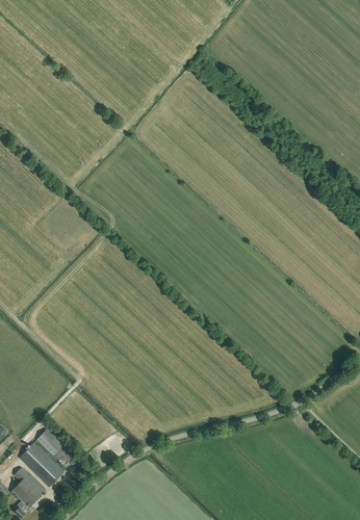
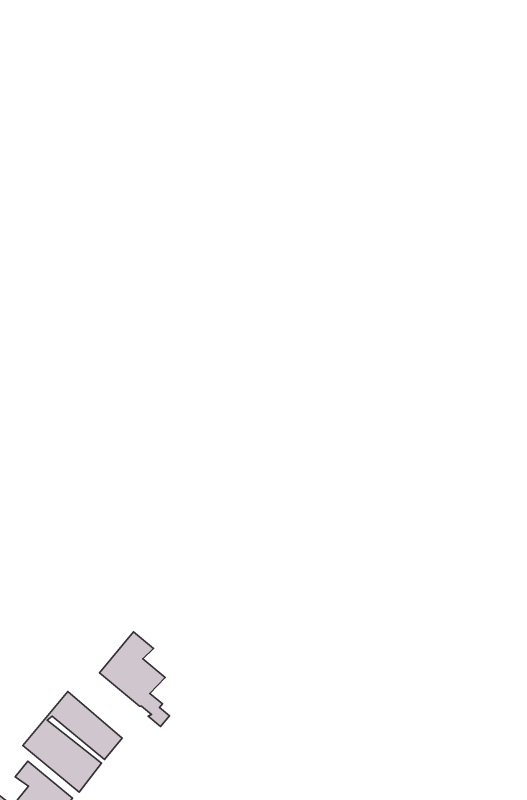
building: none -> [99,632,169,727]

